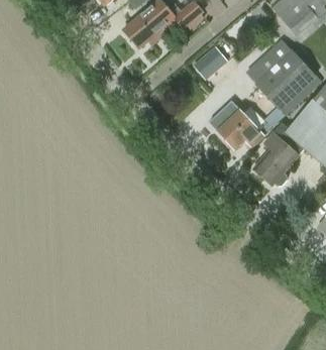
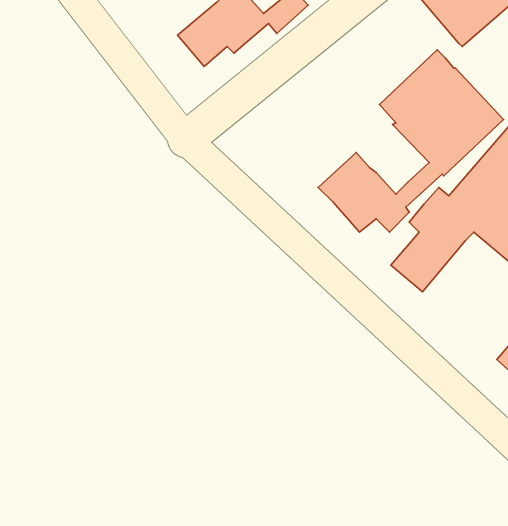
building: [193,45,228,80] -> none

